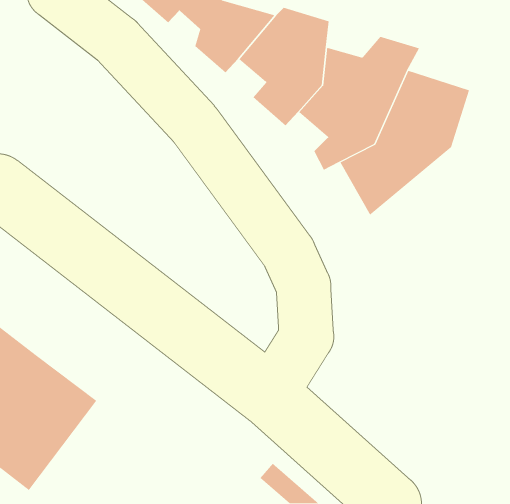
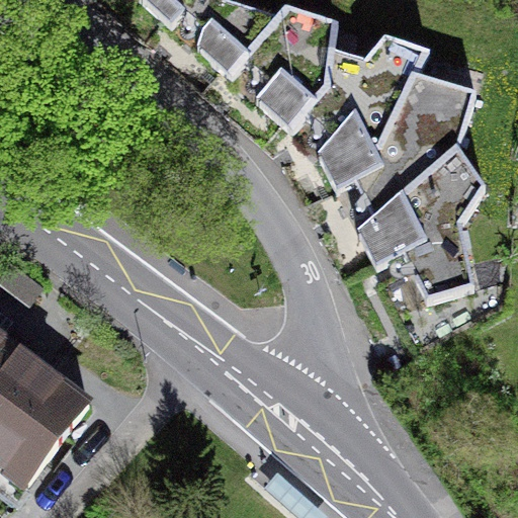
building: none -> [357,149,483,298]

